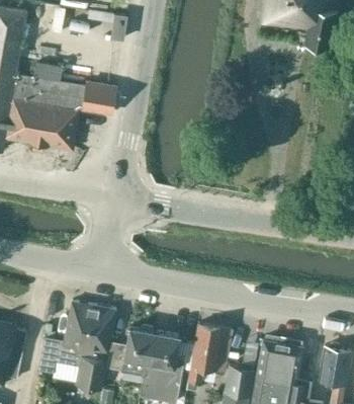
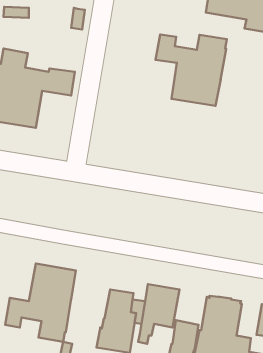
building: none -> [156,34,227,106]
building: [106,325,154,375] -> none

